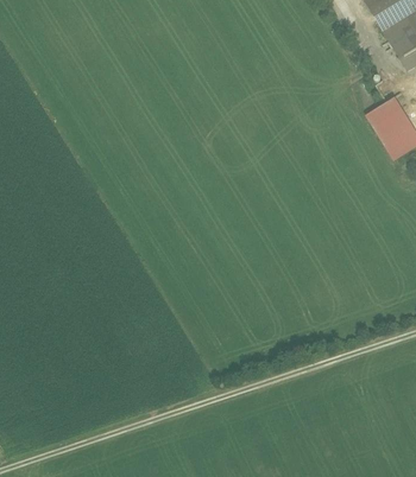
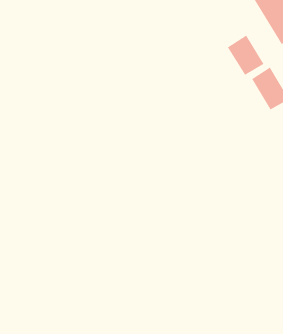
building: none -> [227,35,265,76]

